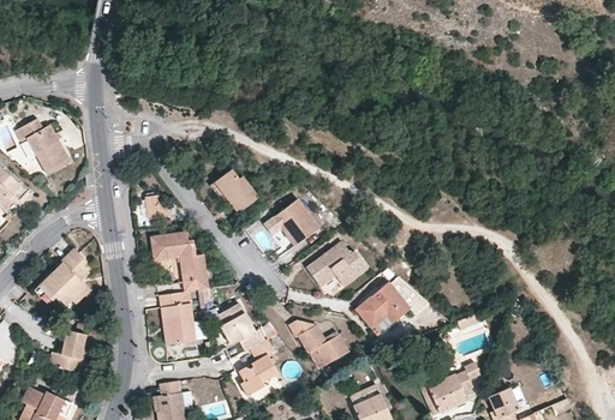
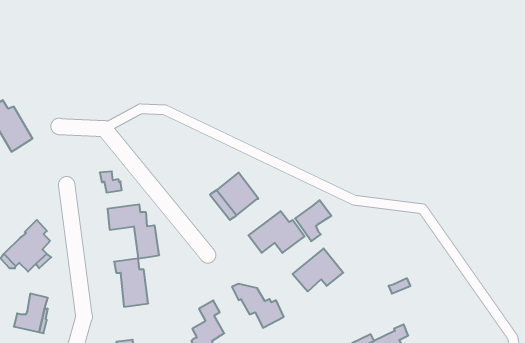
building: [214,168,257,211] -> none
building: none -> [295,200,331,241]
building: [220,302,265,349] -> none

